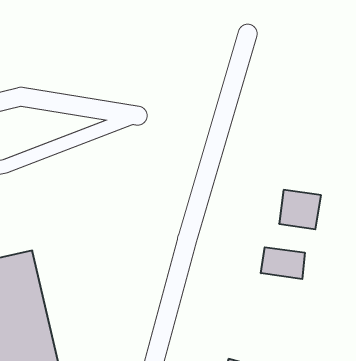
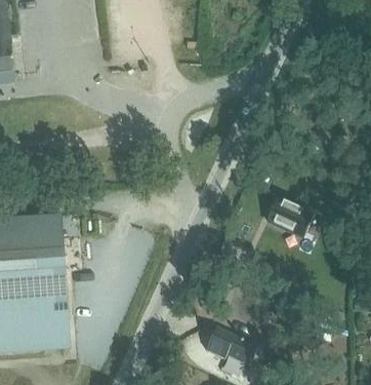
building: [261,247,305,279] -> none

